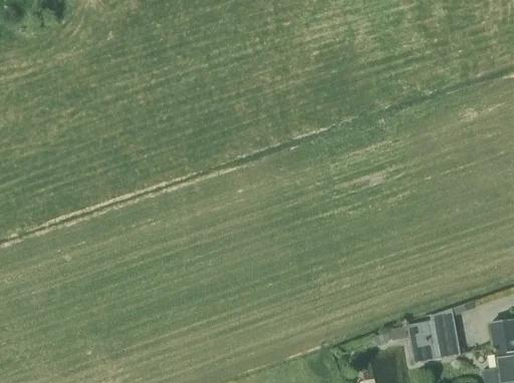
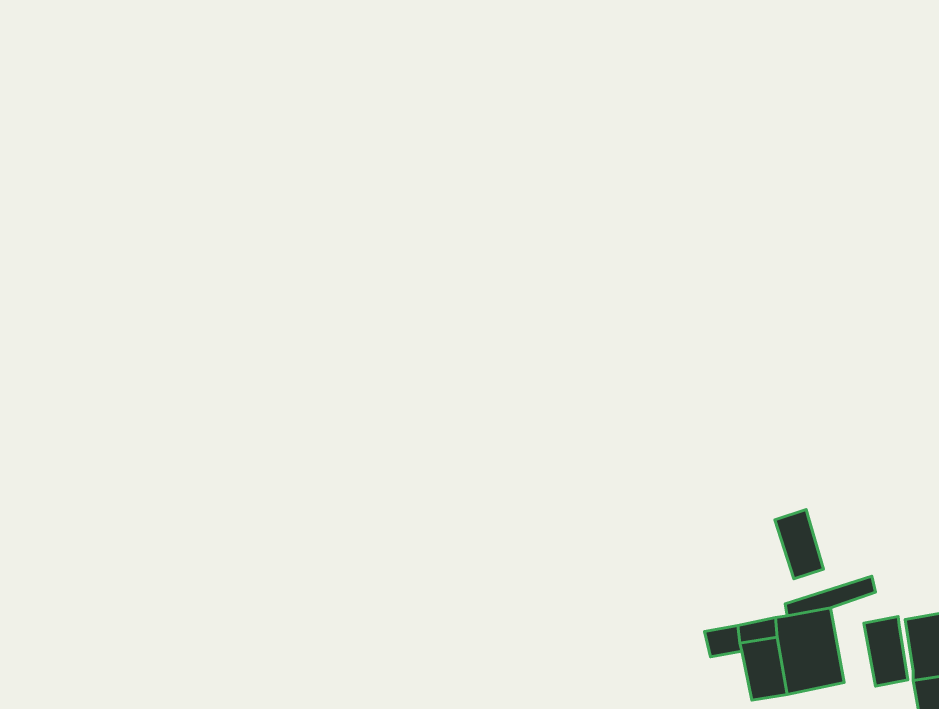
building: none -> [775,509,823,579]
building: none -> [864,616,908,686]

